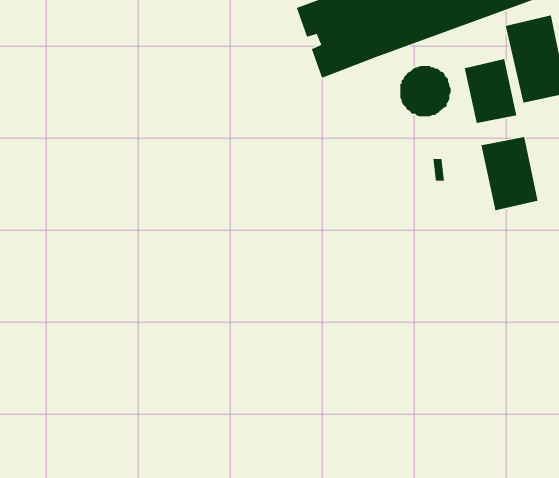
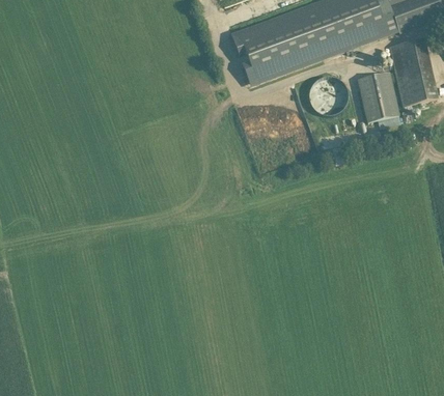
building: [480,136,539,211] -> none

